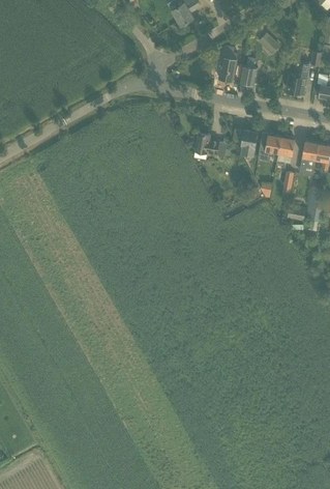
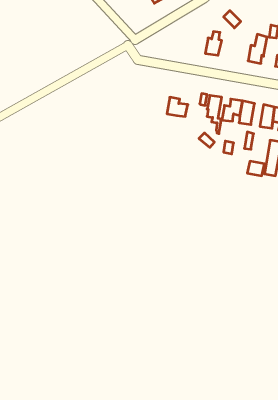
building: [215,45,237,80] -> none

